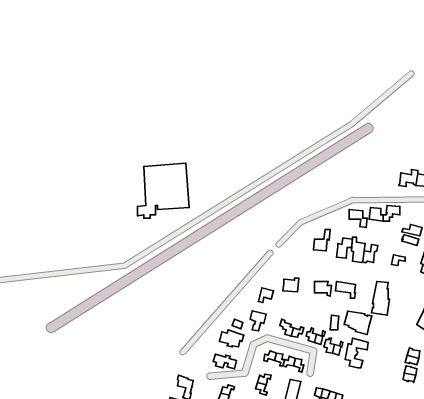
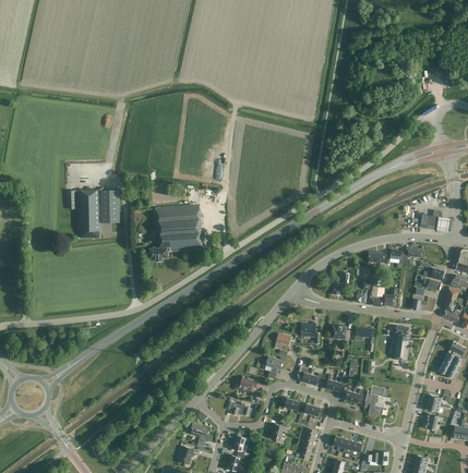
building: none -> [65,190,119,238]
building: [344,311,372,334] -> none

